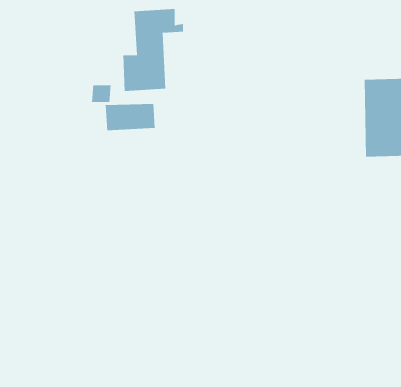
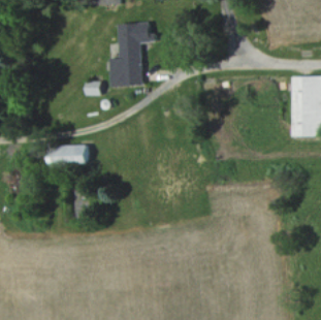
building: [105,103,155,131] -> [50,145,88,165]

